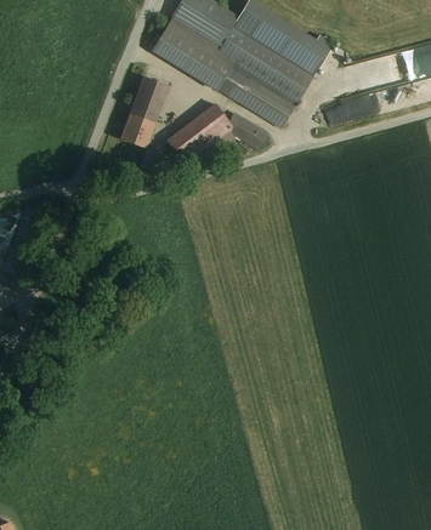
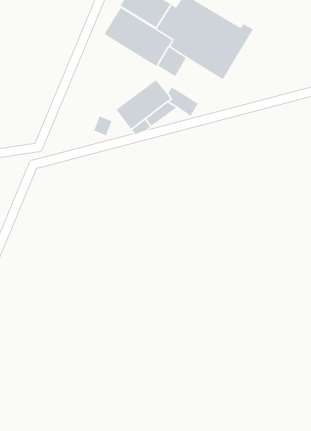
building: [121,76,168,147] -> none
building: [239,78,296,126] -> none

